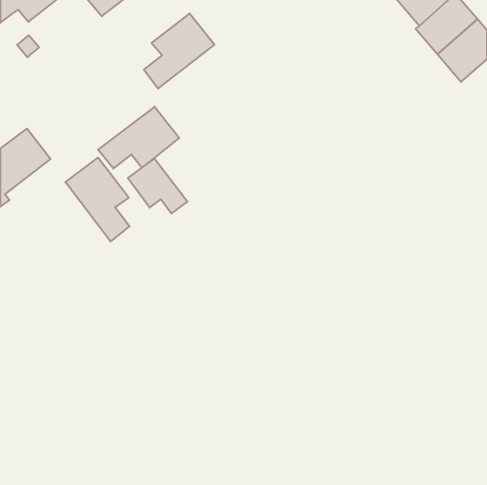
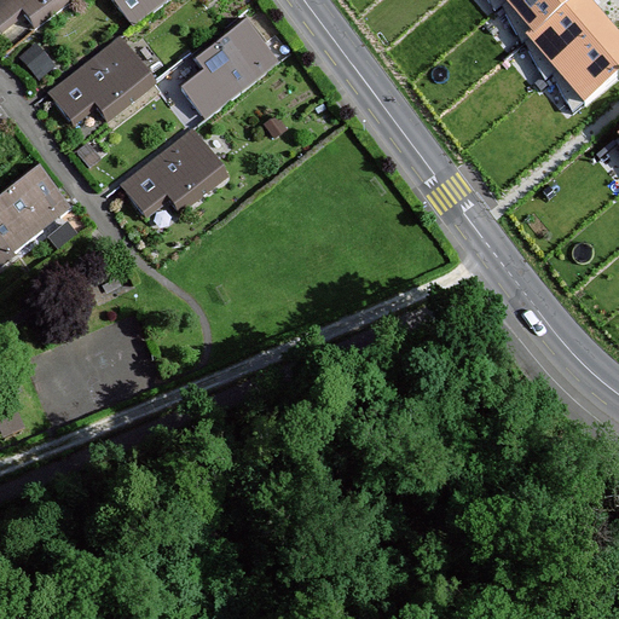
building: none -> [53,44,155,122]
building: [65,158,130,241] -> none
building: [128,158,188,214] -> none

